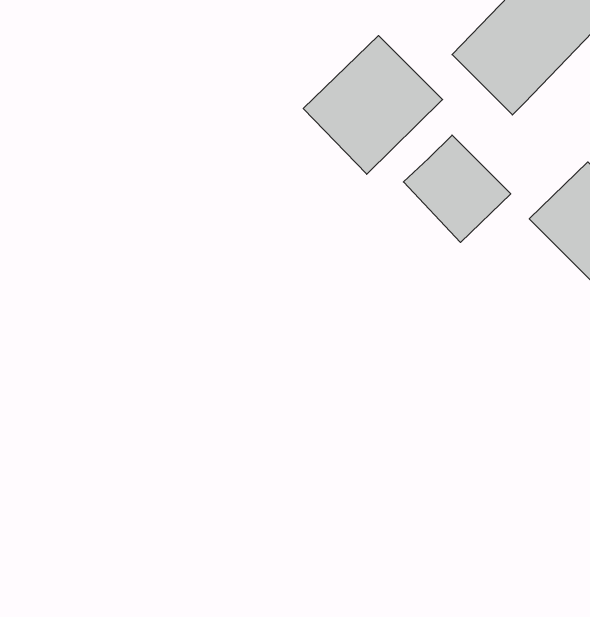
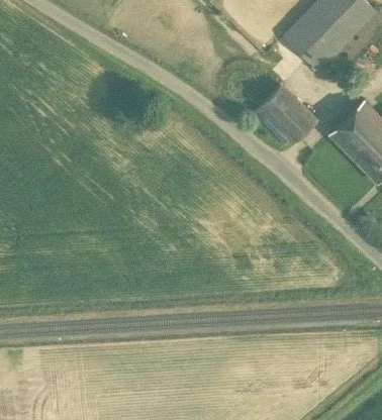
building: [303,36,443,174] -> none

